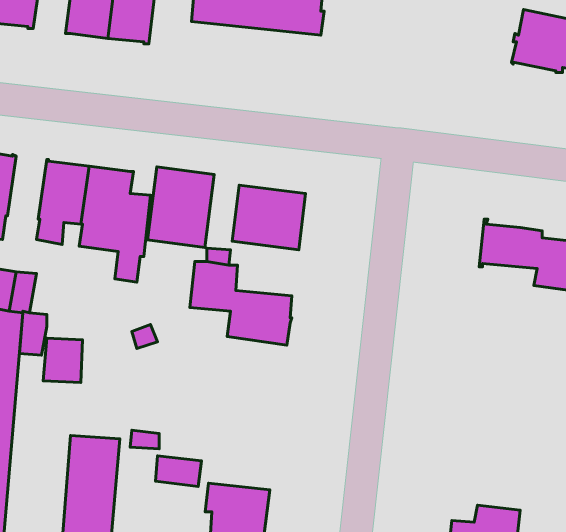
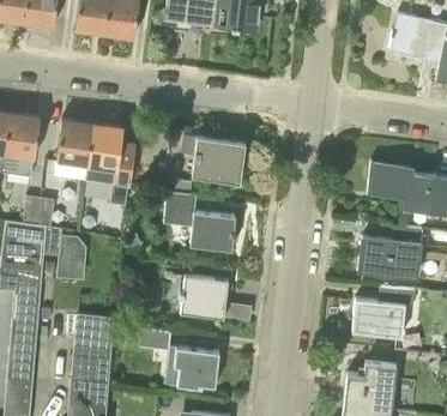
building: [147,167,214,248] -> none
building: none -> [361,225,422,276]
building: none -> [181,275,228,318]
building: none -> [352,287,415,338]

